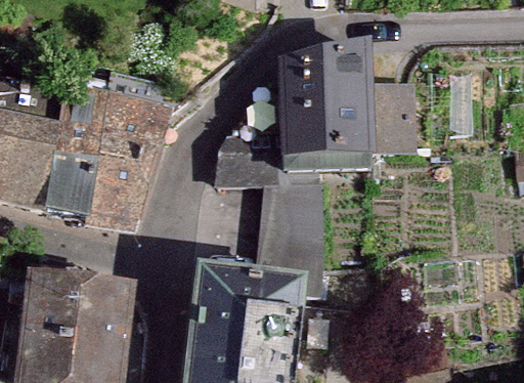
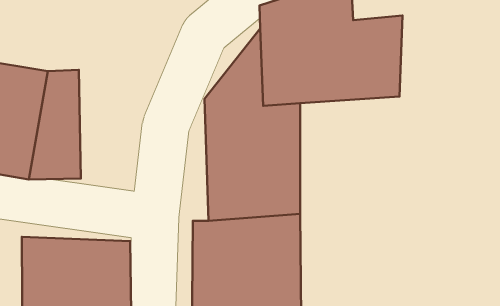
building: [89,112,152,228] -> none

